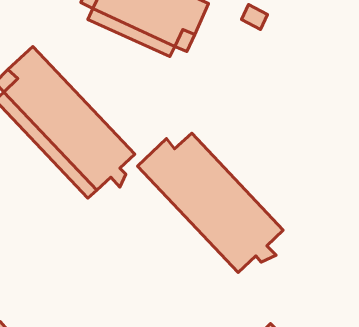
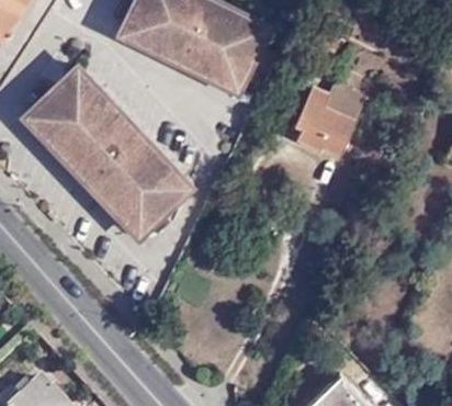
building: none -> [292,80,361,151]
building: [138,133,283,272] -> none

